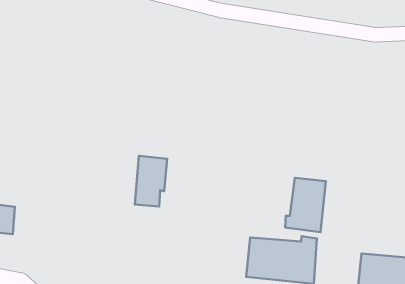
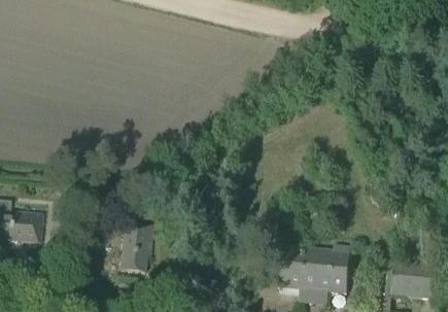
building: [135,156,167,206] -> [119,222,152,274]
building: [285,178,326,232] -> none

